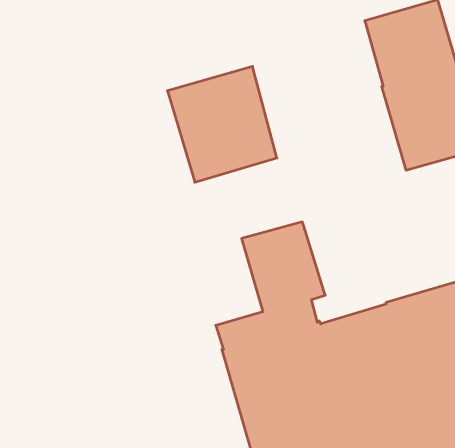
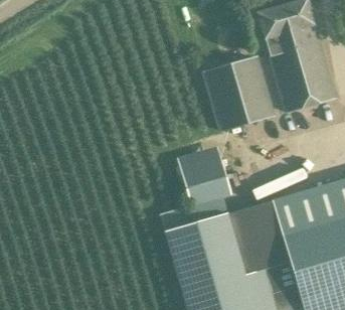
building: [167,66,277,182] -> [202,56,275,133]

